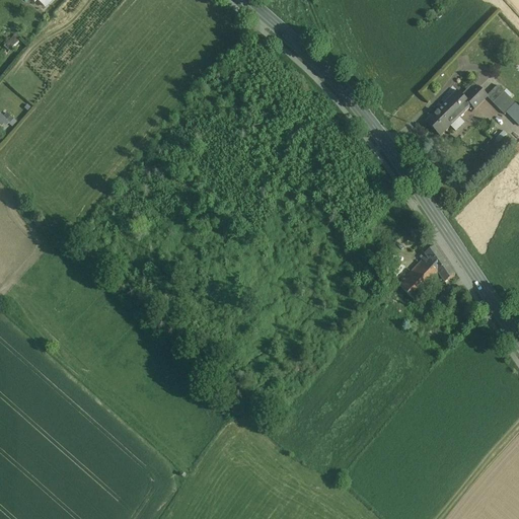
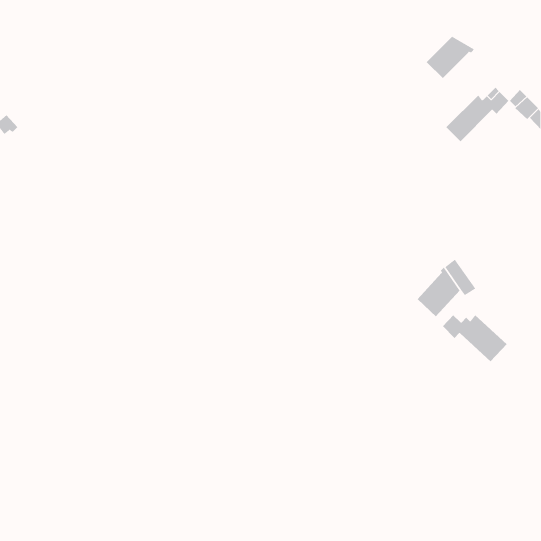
building: none -> [426,36,475,79]
building: none -> [442,314,507,362]

